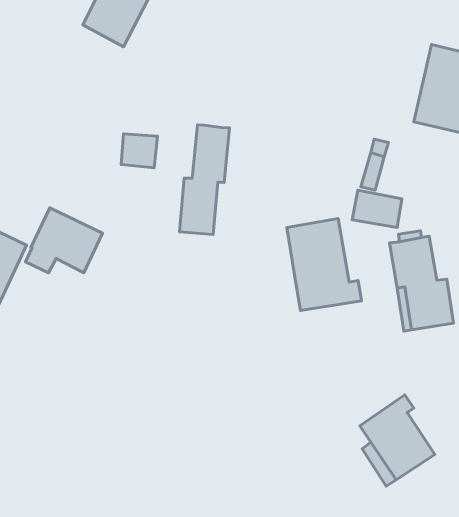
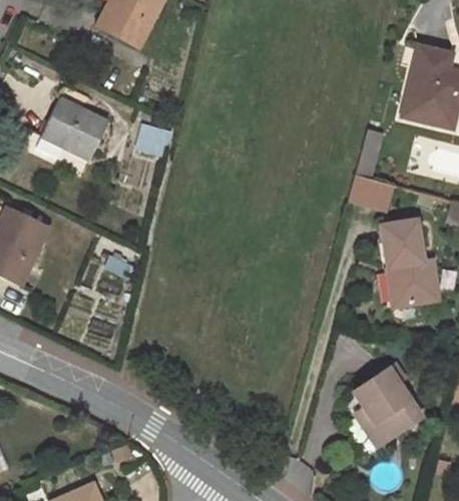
building: [179,125,230,234] -> none
building: [25,208,102,273] -> [36,99,106,158]
building: [287,218,362,311] -> none

